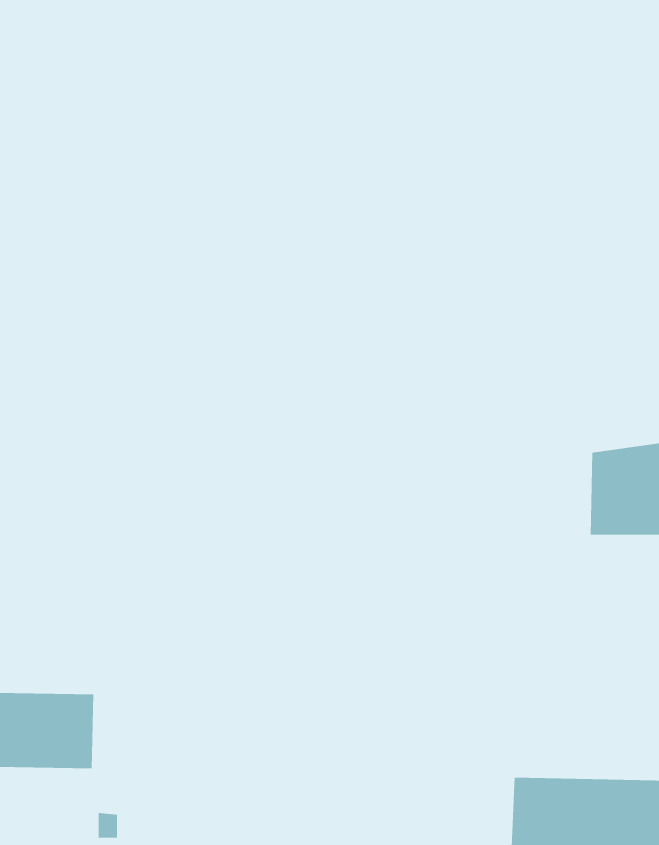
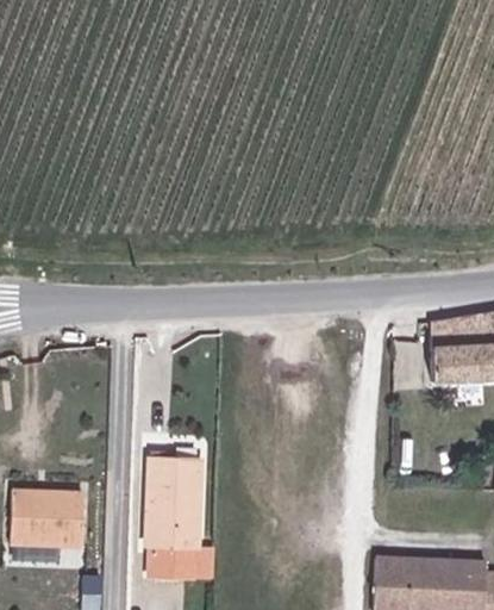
building: none -> [150,466,202,581]

